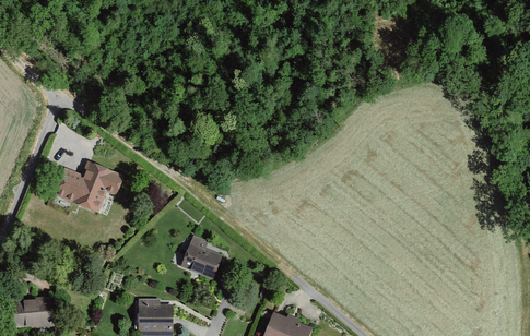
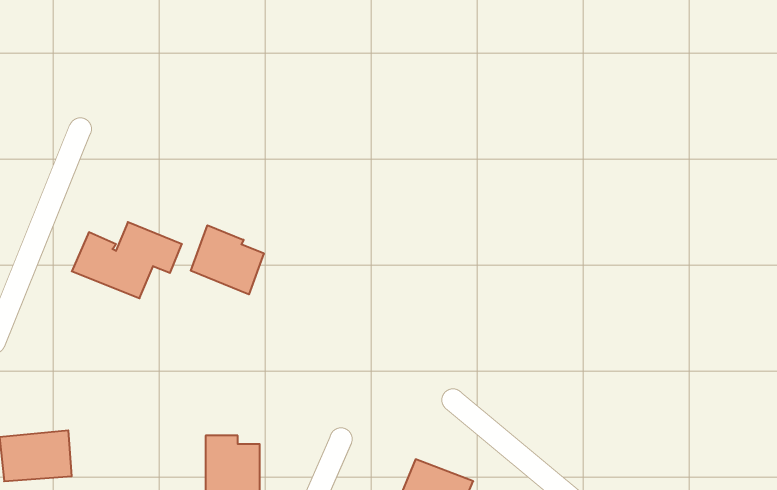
building: none -> [191,225,264,294]
building: [181,236,222,278] -> none

